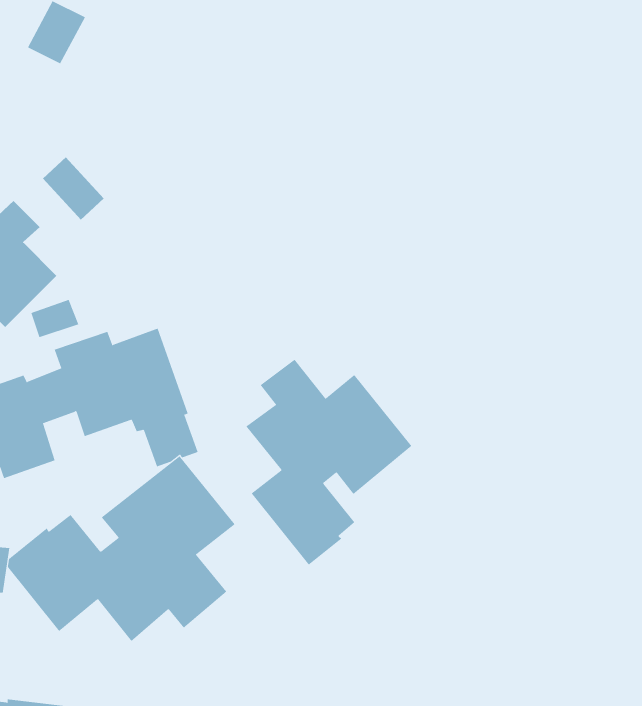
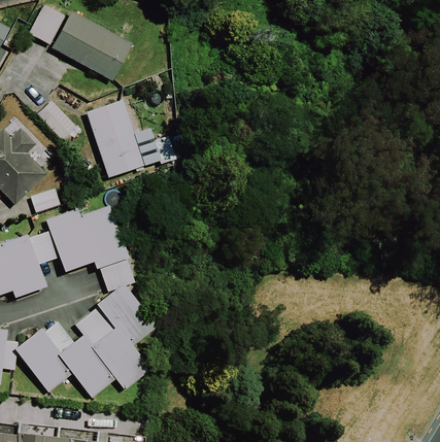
building: none -> [50,10,132,80]
building: none -> [86,99,160,176]
building: [245,359,412,565] -> none

